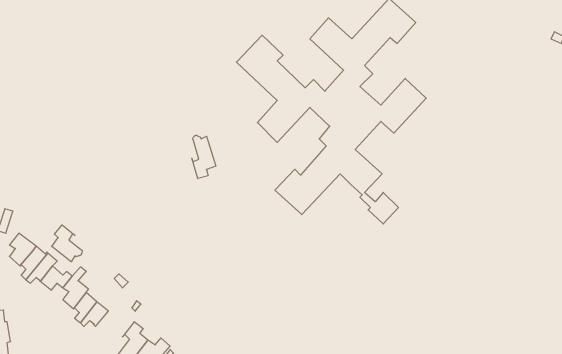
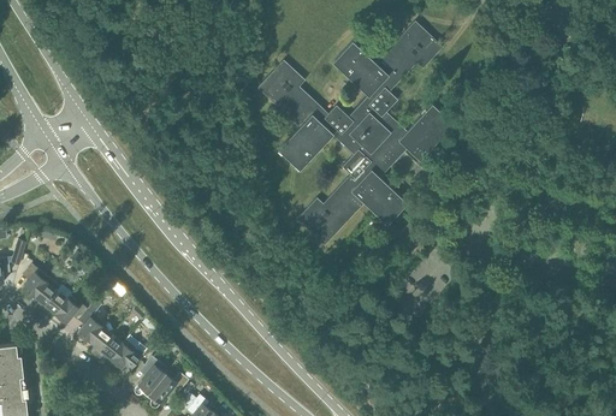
building: [192,135,216,179] -> none
building: [52,225,82,262] -> none
building: none -> [111,337,146,368]

